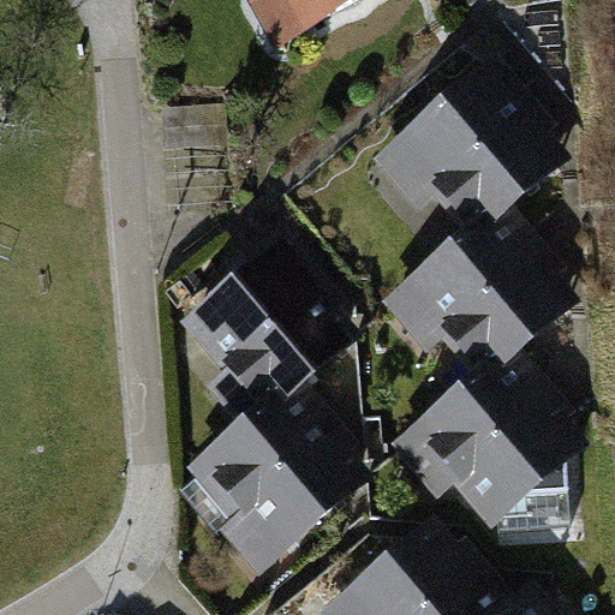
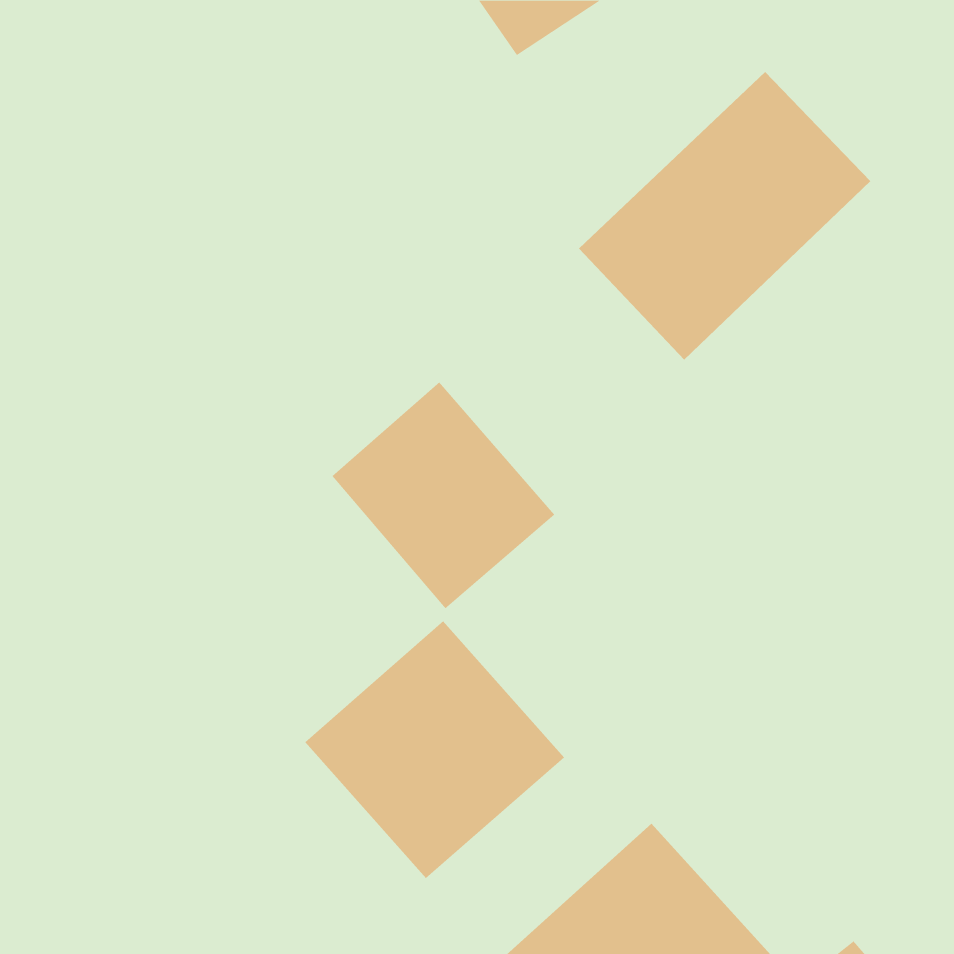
building: [384,227,554,392] -> none
building: [416,372,587,542] -> none

